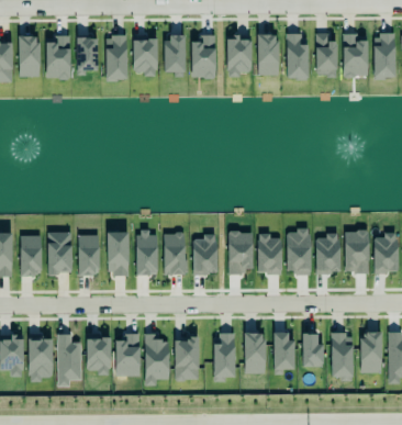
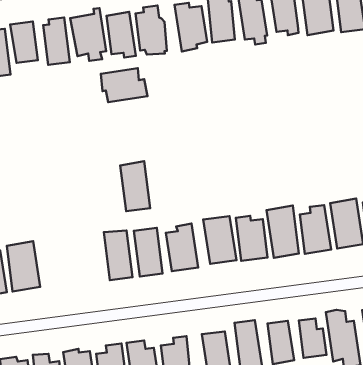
building: none -> [101,68,147,102]
building: [107,232,129,275] -> [120,161,150,211]
building: [77,235,99,276] -> none

